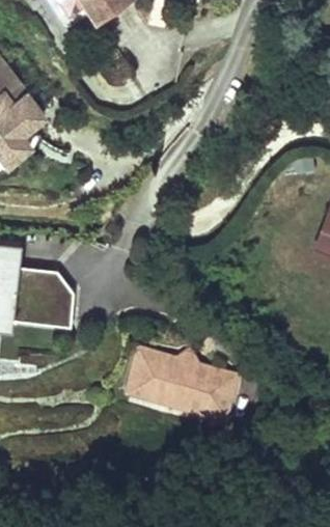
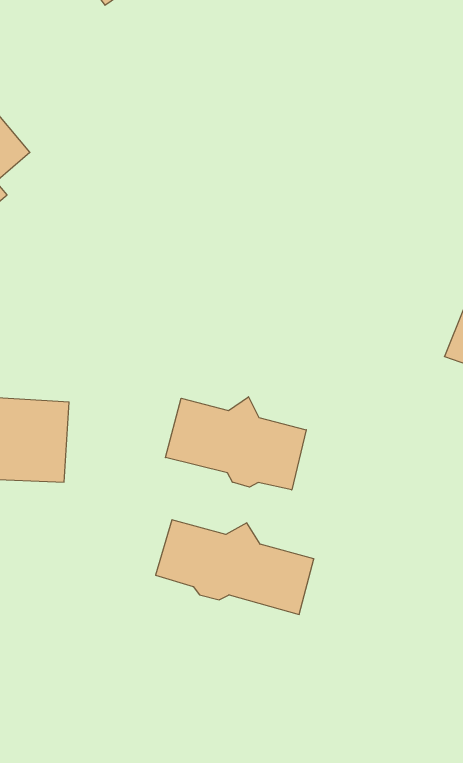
building: none -> [165,397,306,490]

